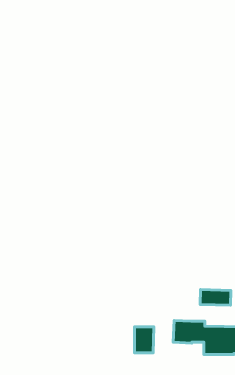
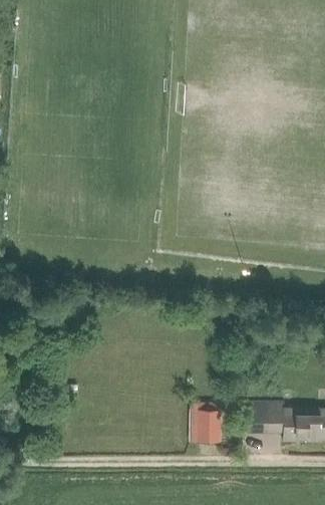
building: [200,289,231,305] -> none

